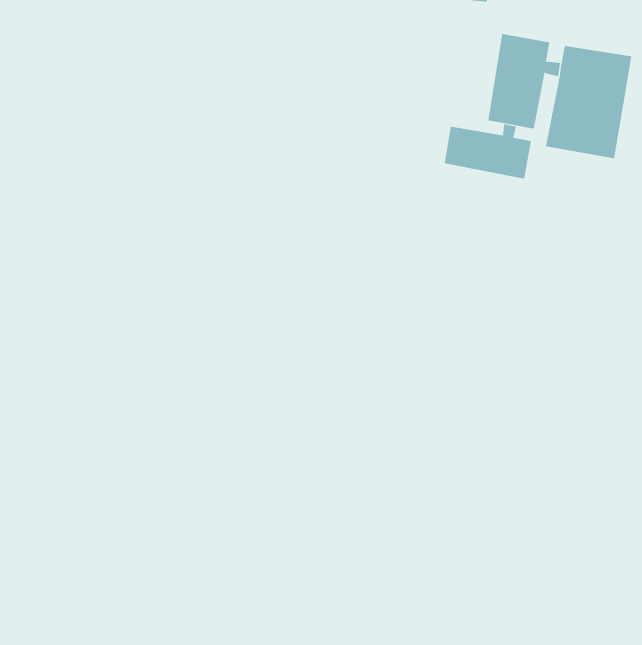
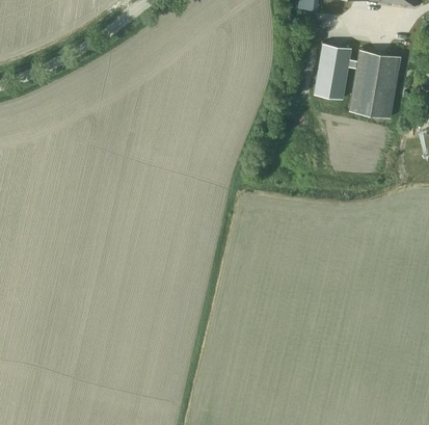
building: [444,123,532,180] -> none

